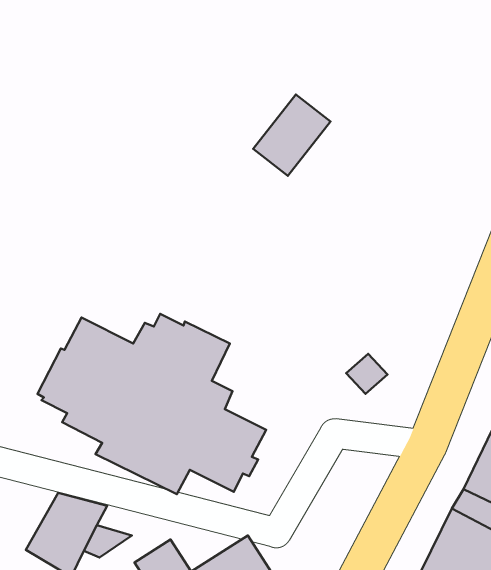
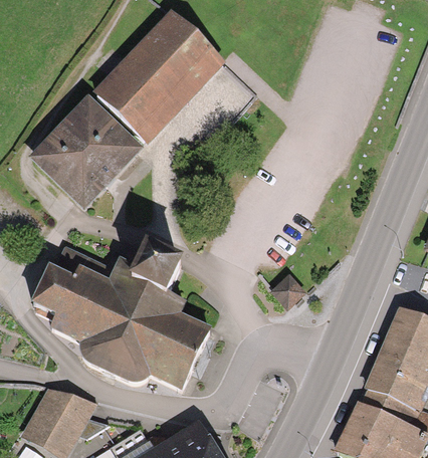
building: none -> [95,13,219,138]
building: none -> [34,100,137,203]

